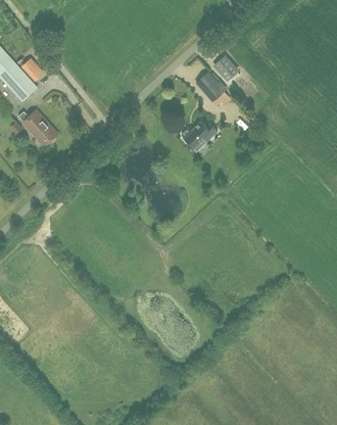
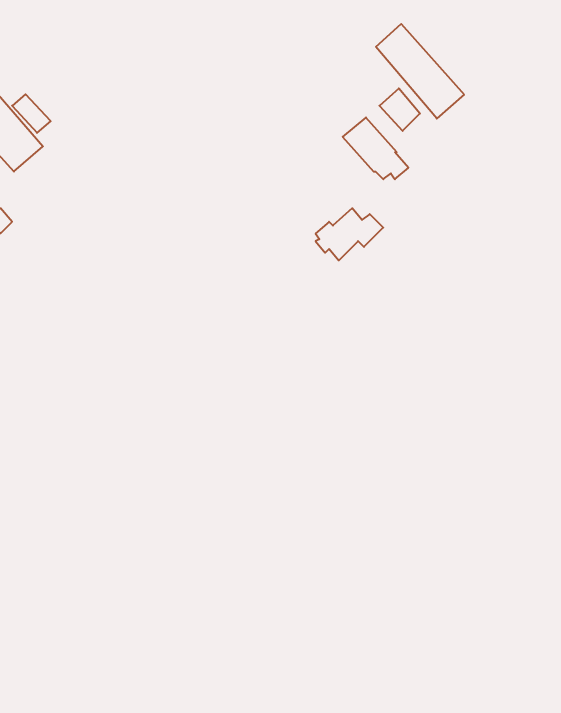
building: none -> [376,24,464,119]
building: [19,109,58,146] -> none

